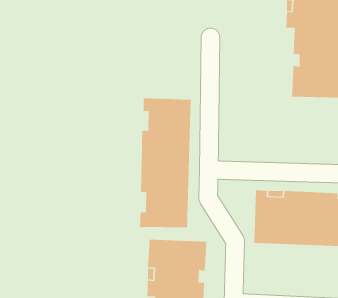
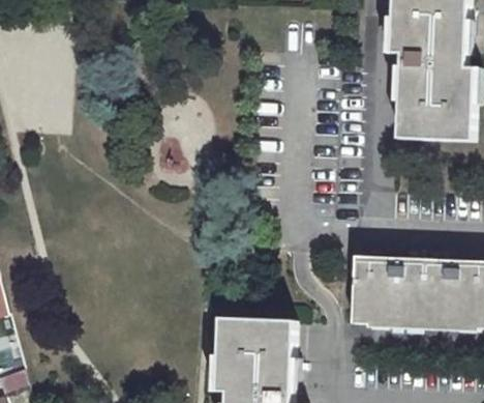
building: [139,97,191,228] -> none

